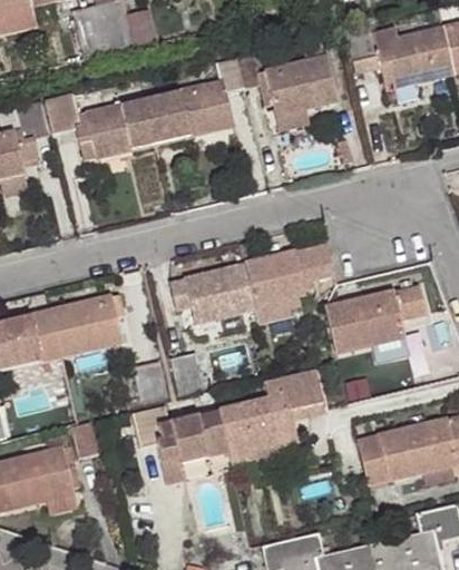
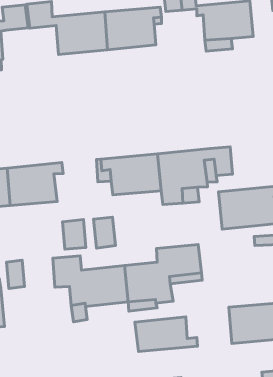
building: none -> [135,317,198,351]

